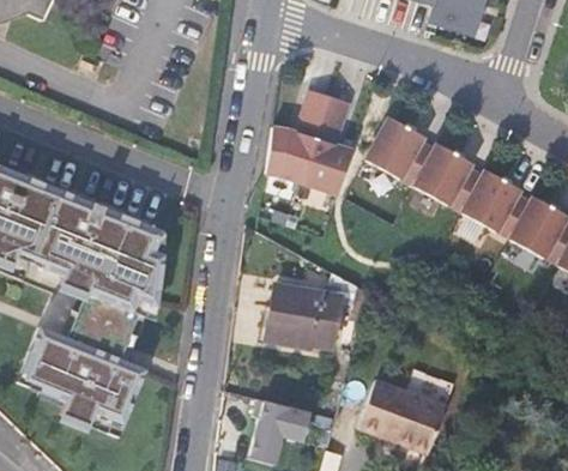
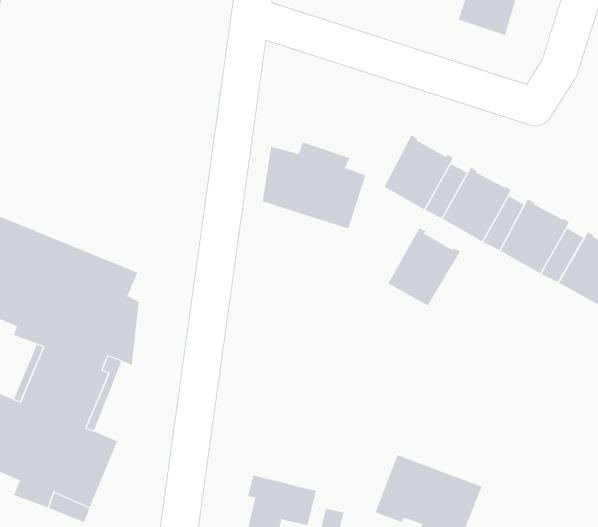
building: [298,90,348,135] -> none
building: none -> [388,228,461,306]
building: [267,285,339,348] -> none

